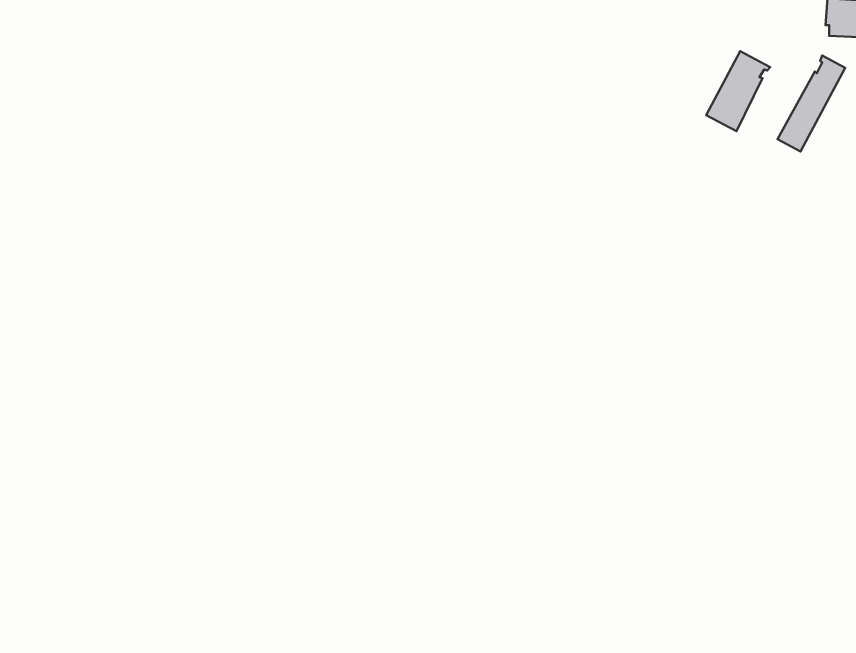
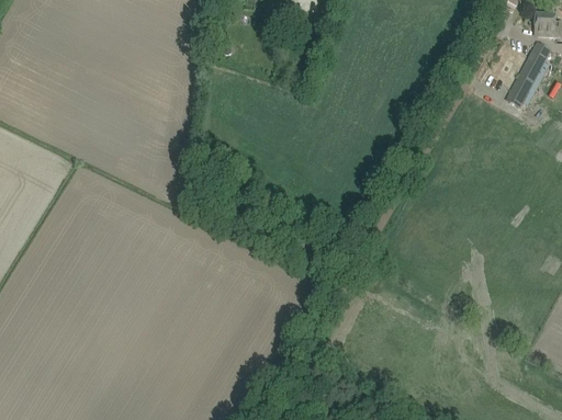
building: [706,51,770,131] -> none

